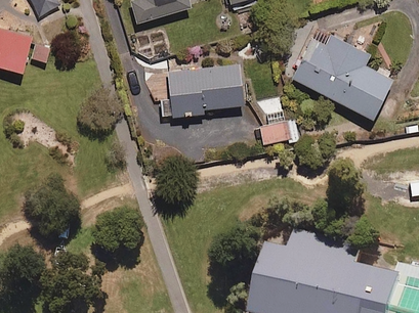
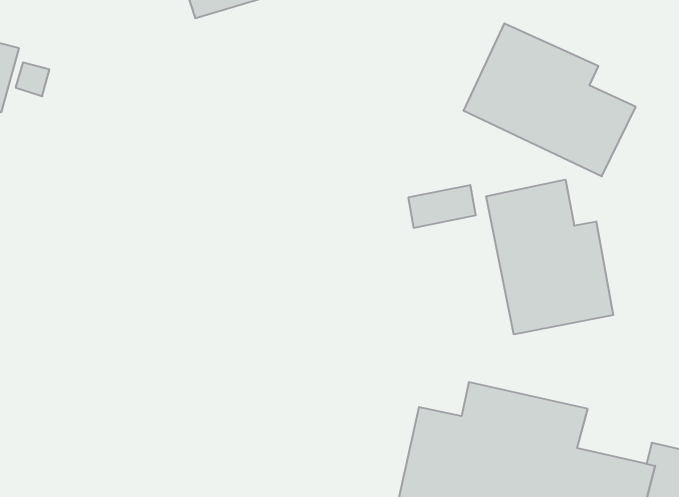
building: [166,63,243,118] -> none
building: none -> [486,180,613,334]

